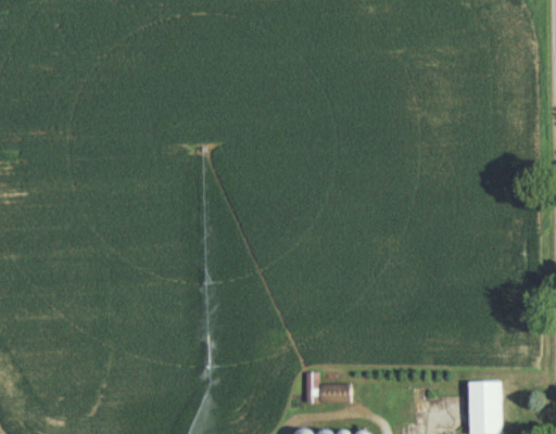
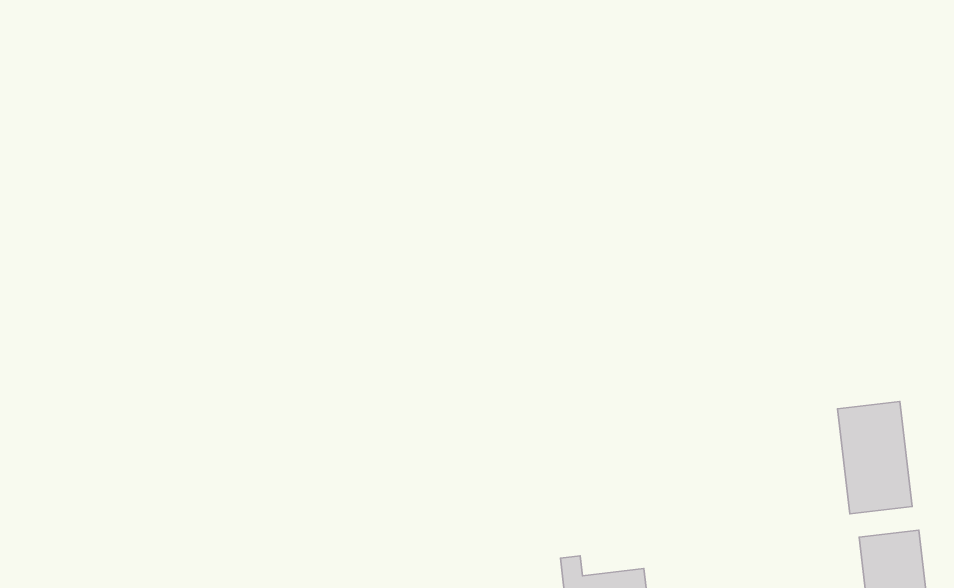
building: none -> [837,402,912,514]

